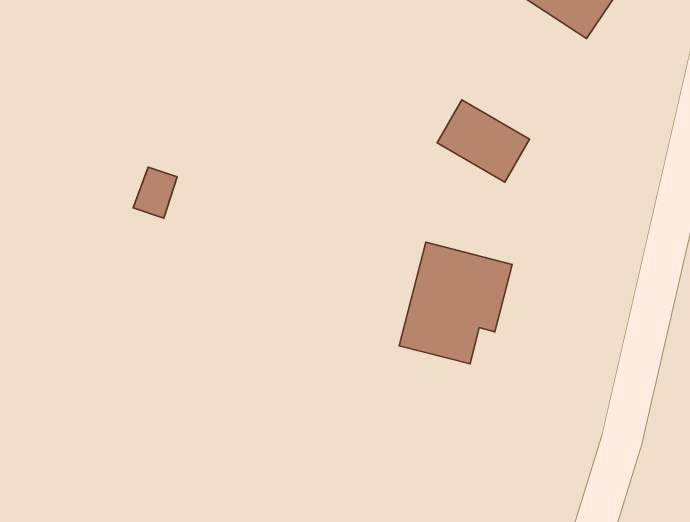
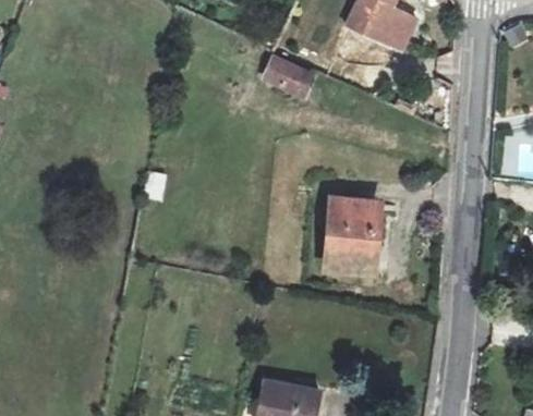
building: [437,100,529,182] -> [263,53,318,99]

